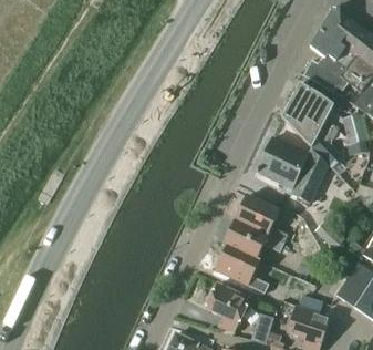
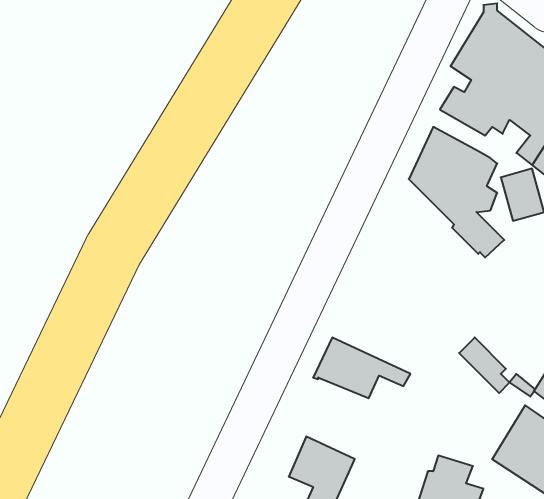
building: [256,136,328,204] -> none
building: [235,195,288,243] -> none
building: [215,245,269,292] -> none

